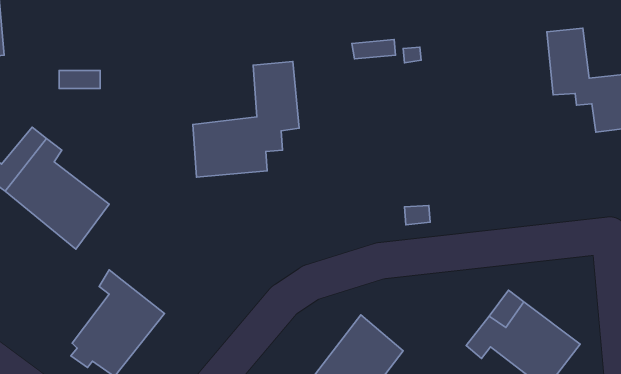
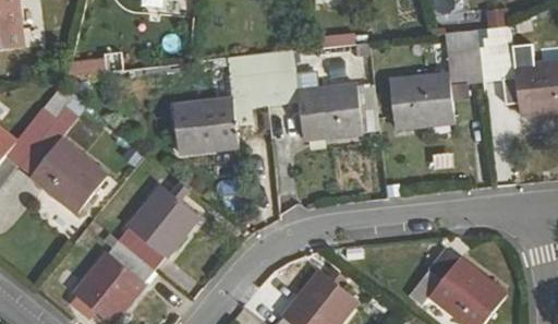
building: none -> [392,28,484,128]
building: none -> [263,50,361,139]
building: none -> [118,185,196,267]

